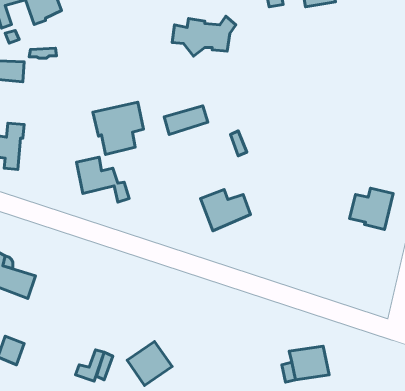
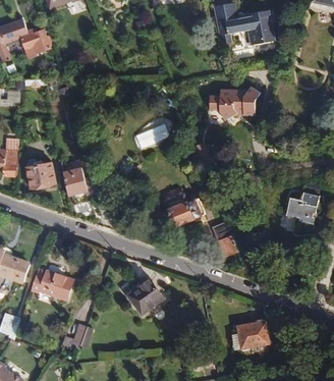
building: [172,16,236,56] -> [206,88,258,120]
building: [93,102,143,154] -> none
building: none -> [25,158,56,188]
building: none -> [211,220,237,257]
building: none -> [39,269,74,301]
building: [127,342,172,385] -> [127,277,164,313]

